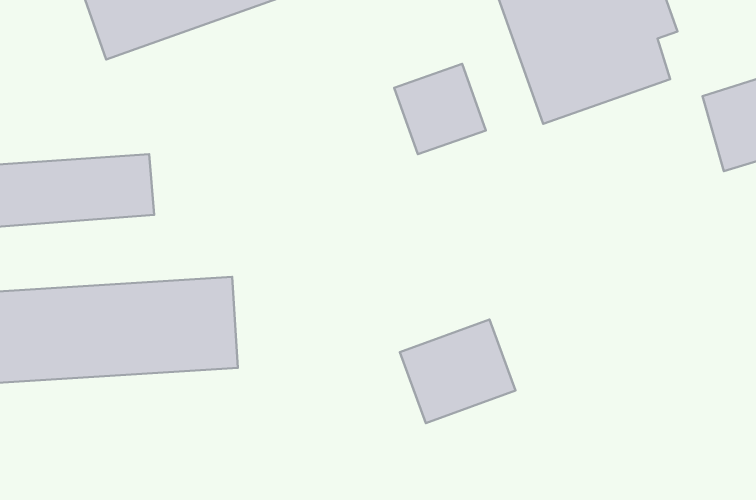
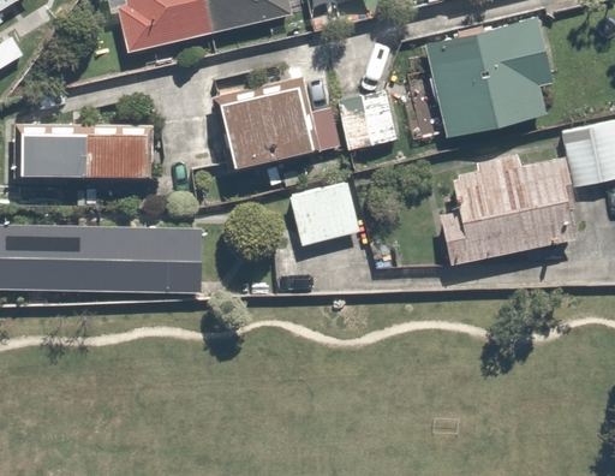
building: none -> [209,79,311,173]
building: none -> [437,154,580,267]
building: [400,319,515,423] -> [285,179,368,251]

